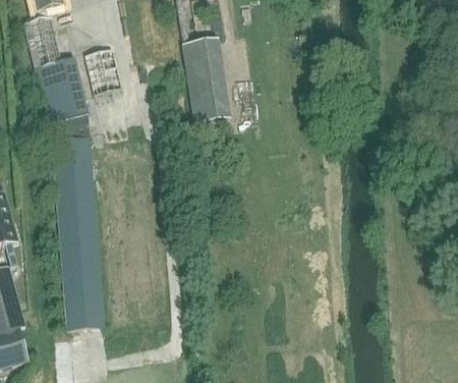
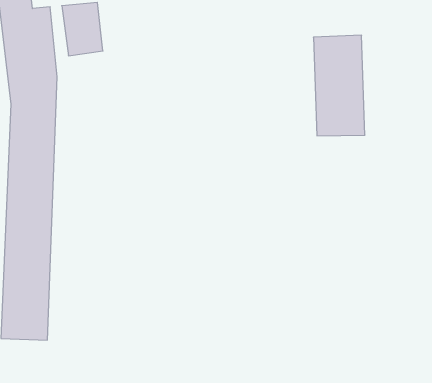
building: [180,34,231,119] -> [313,35,365,136]

